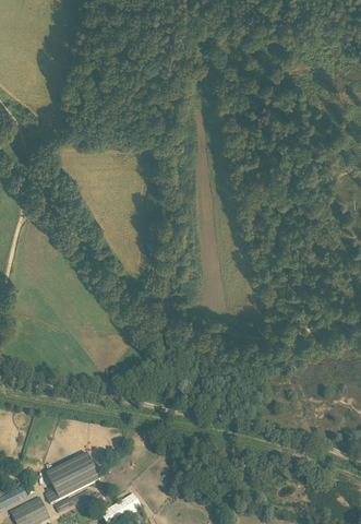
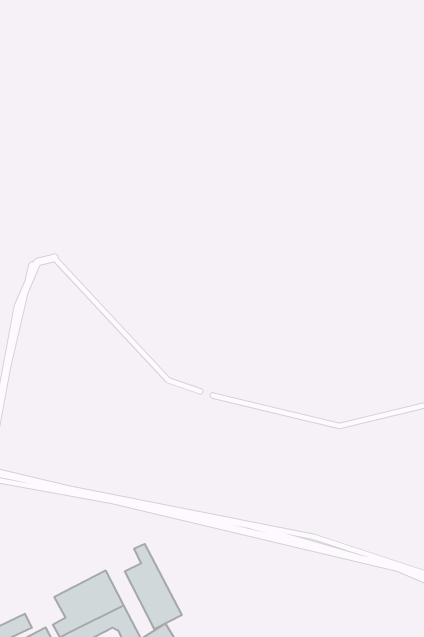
building: none -> [125,544,182,629]

